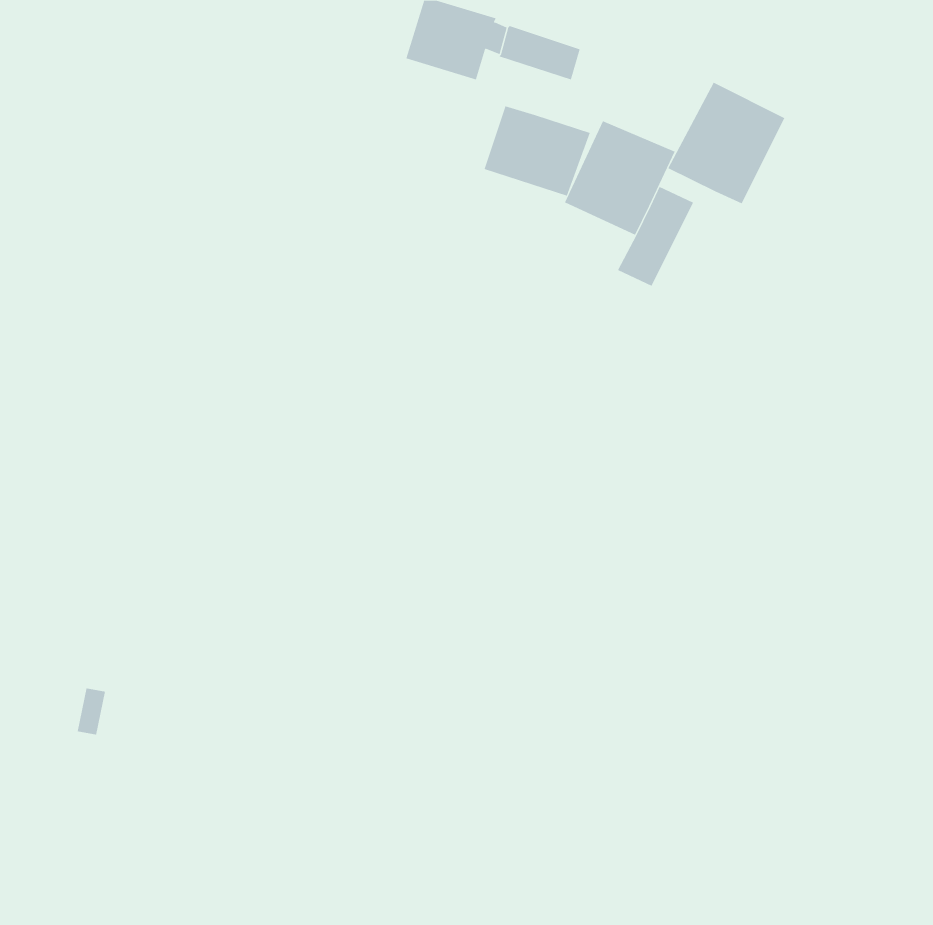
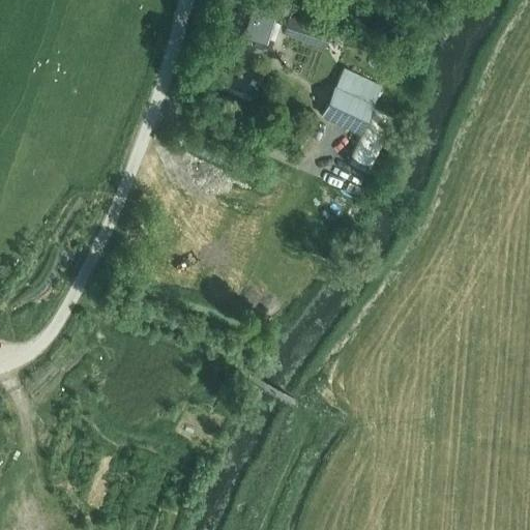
building: [668,82,785,204] -> none
building: [484,106,591,196] -> none

